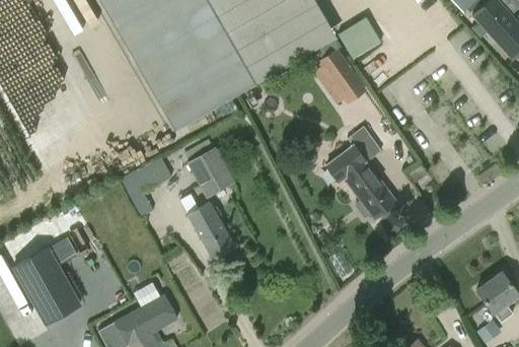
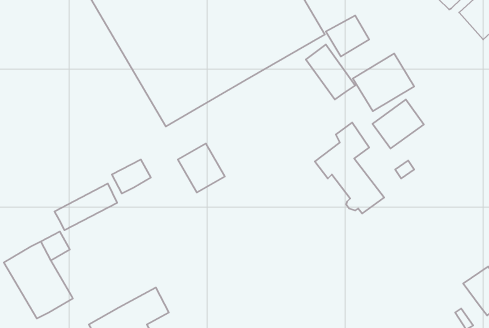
building: none -> [353,54,414,111]
building: none -> [372,100,424,149]
building: none -> [55,184,117,230]
building: [188,202,234,260] -> none

